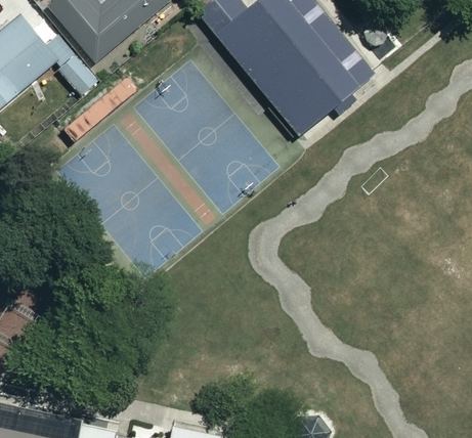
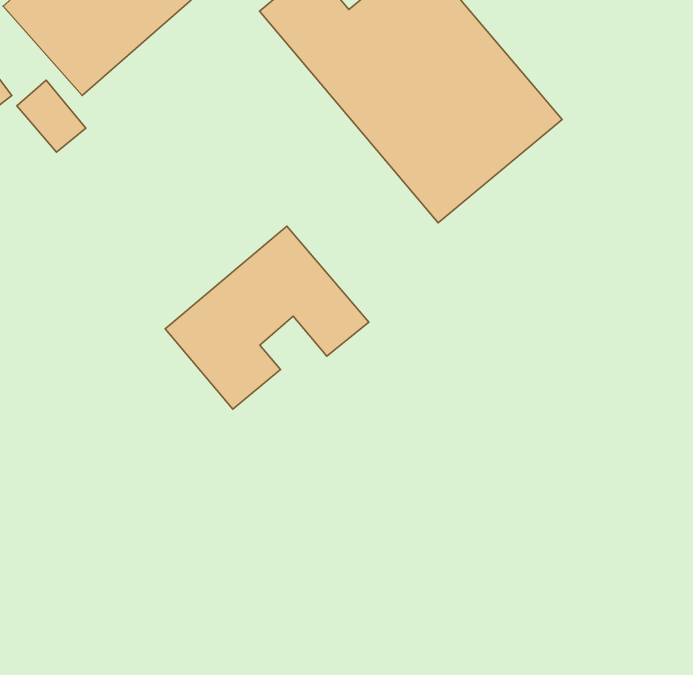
building: none -> [165,226,369,409]

